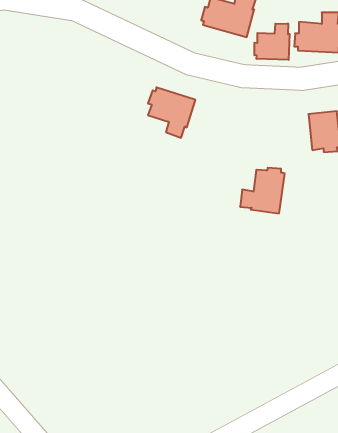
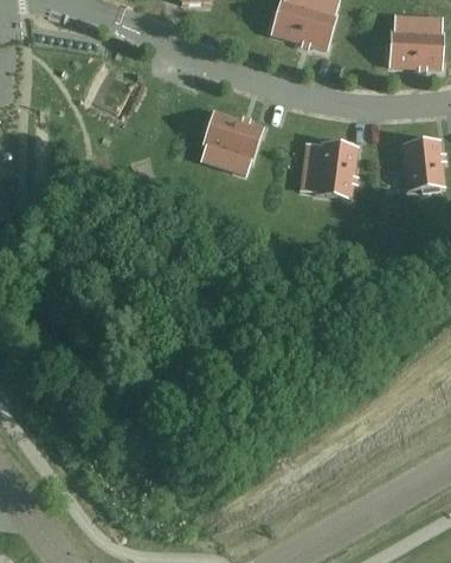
building: [254,23,290,60] -> none
building: [240,168,285,213] -> [301,141,356,198]

